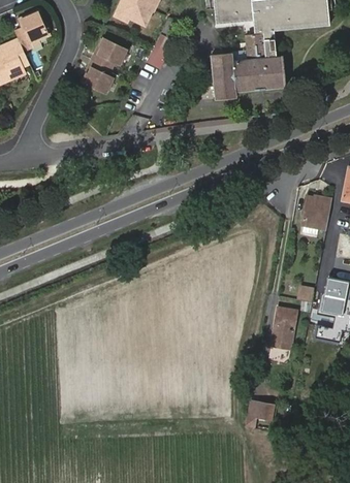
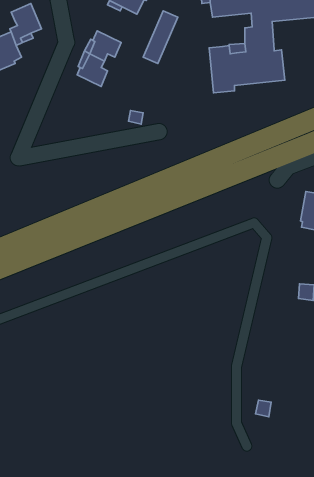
building: [272,308,298,350] -> none

